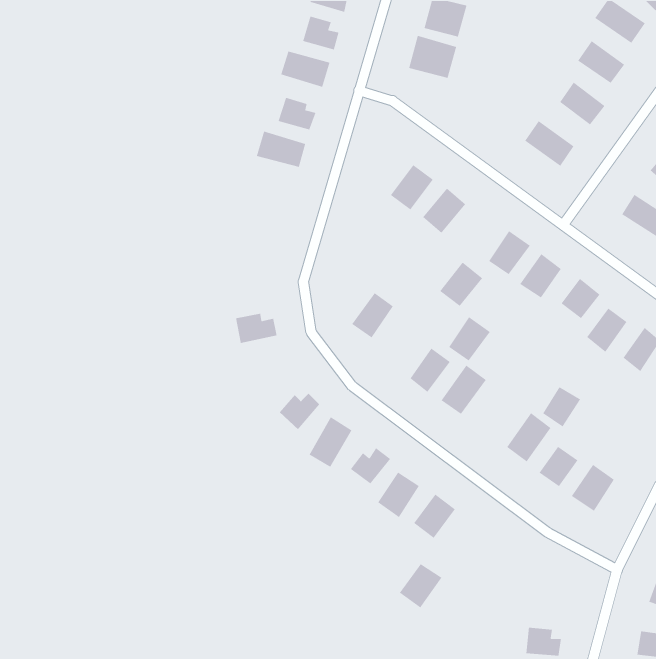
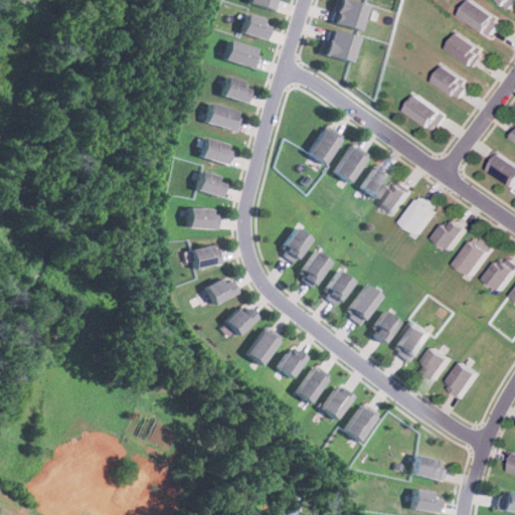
building: none -> [197,138,230,165]
building: none -> [192,171,221,197]
building: [439,262,483,307] -> [359,163,393,198]
building: none -> [182,207,213,228]
building: [448,316,491,362] -> [297,250,330,286]
building: none -> [200,275,233,305]
building: [542,386,581,428] -> [372,312,402,344]
building: [399,563,443,608] -> [348,407,382,443]
building: none -> [414,456,450,482]

